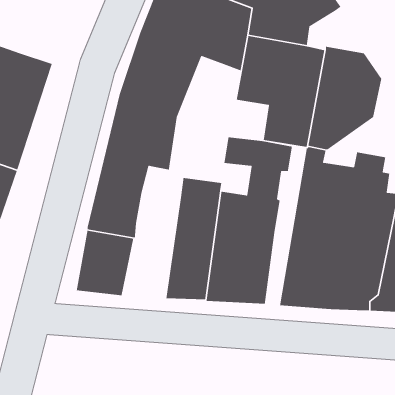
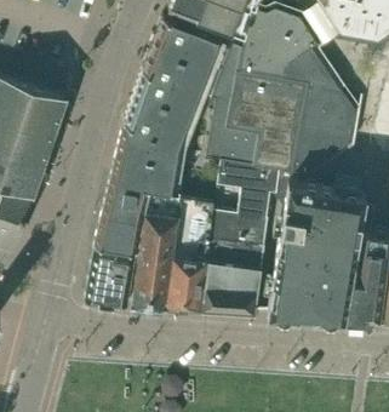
building: none -> [293,51,344,88]
building: none -> [207,99,258,167]
building: none -> [132,190,183,309]

